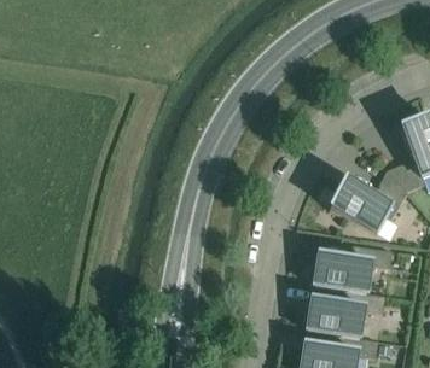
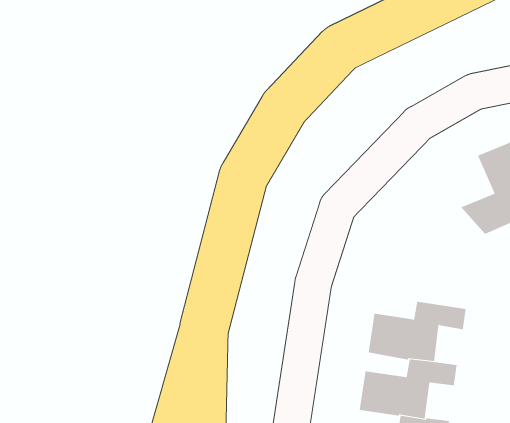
building: [329,169,406,232] -> none

